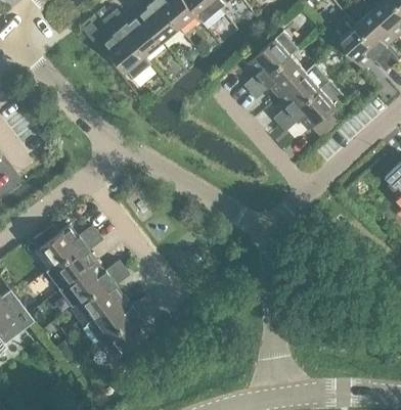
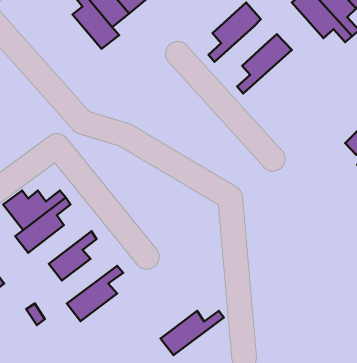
building: [251,55,306,99] -> none
building: [280,80,346,132] -> none
building: [58,260,124,307] -> none
building: [85,295,150,341] -> [160,311,224,355]

